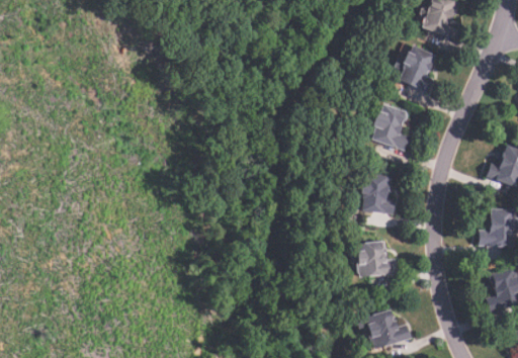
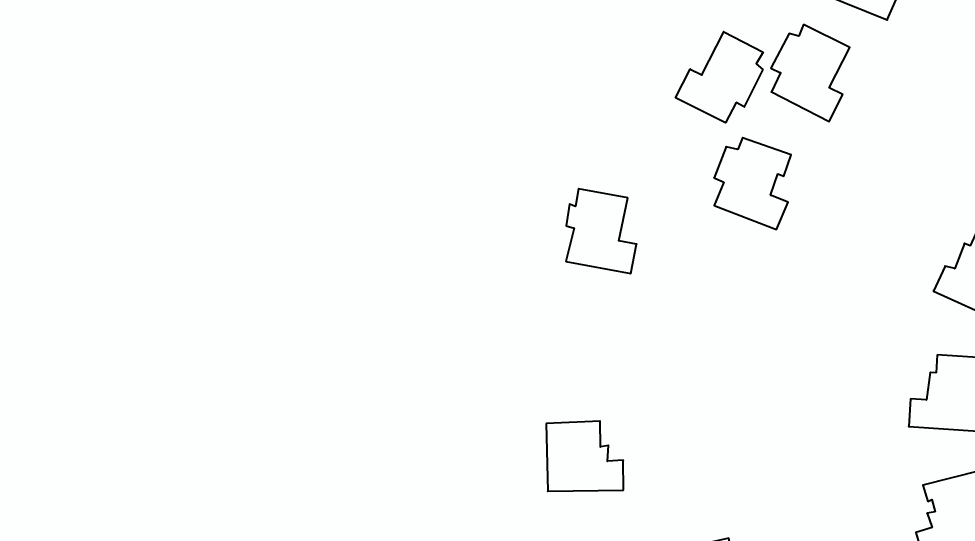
building: none -> [676,32,763,123]
building: [360,173,397,214] -> [566,189,637,274]
building: [356,240,398,277] -> [546,421,623,491]

